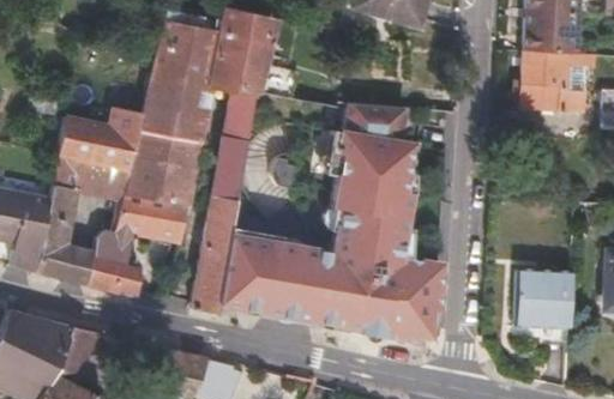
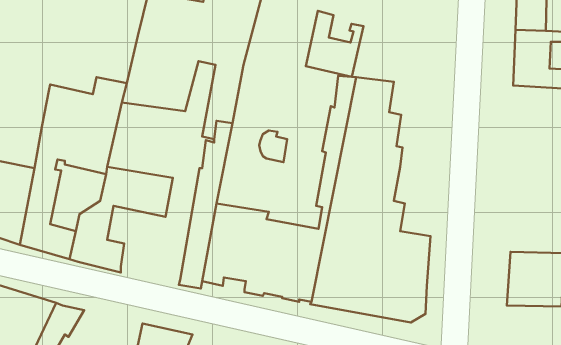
building: none -> [306,11,364,77]
building: [124,128,200,202] -> none

